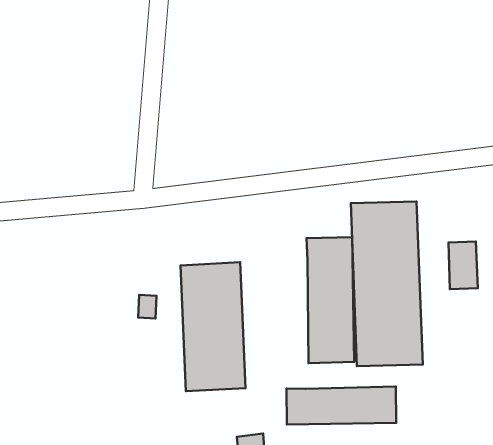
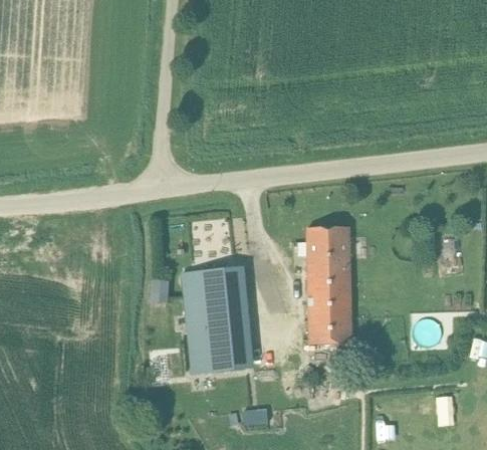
building: [351,201,423,366] -> none
building: [287,387,396,425] -> none

